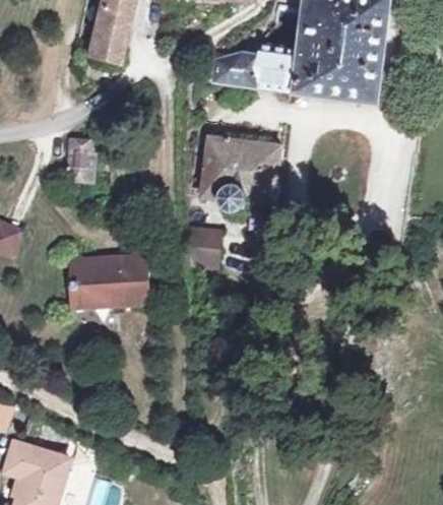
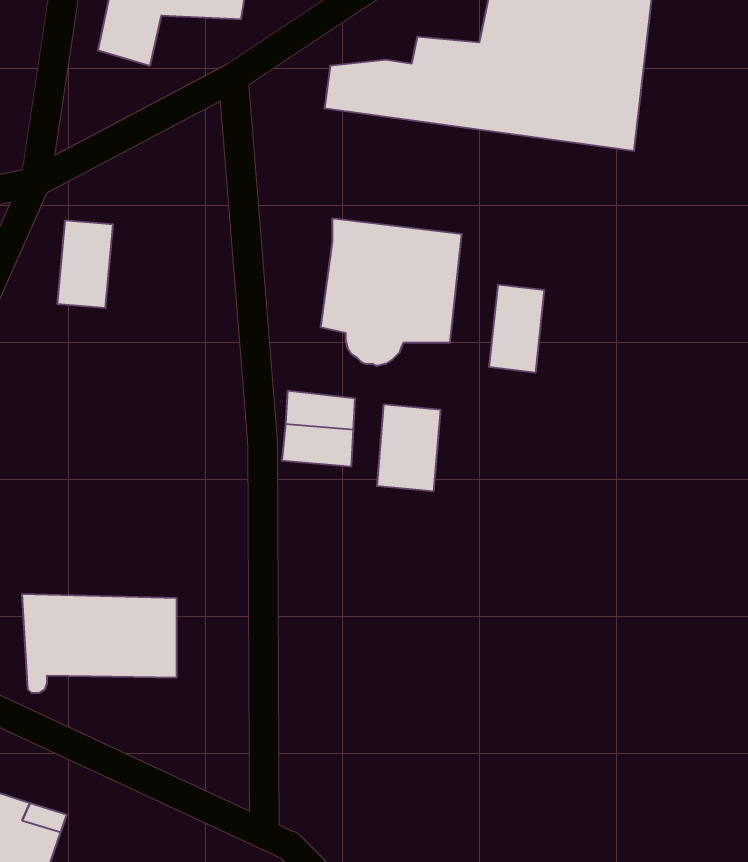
building: none -> [489,284,544,373]
building: none -> [377,404,440,491]
building: [70,259,151,311] -> [22,594,177,693]

